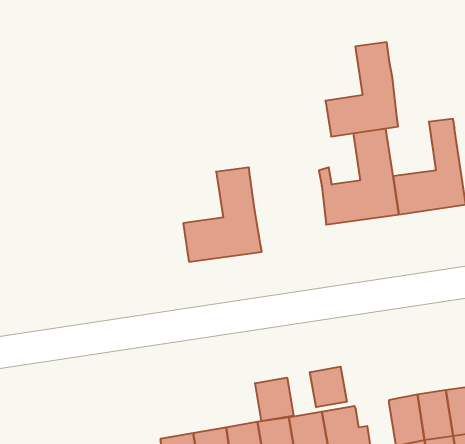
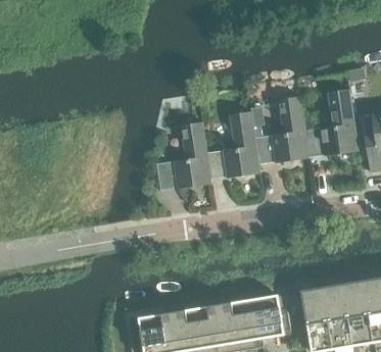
building: [325,42,398,136] -> [206,111,258,179]
building: [310,367,347,407] -> none
building: [255,378,293,421] -> none

